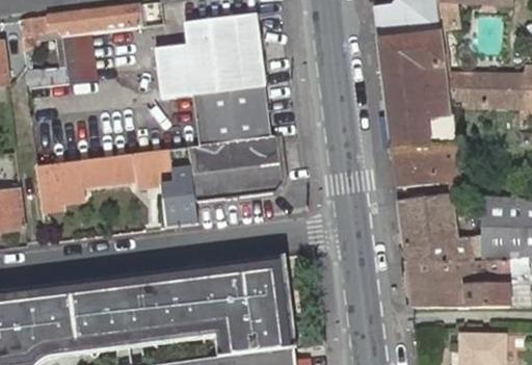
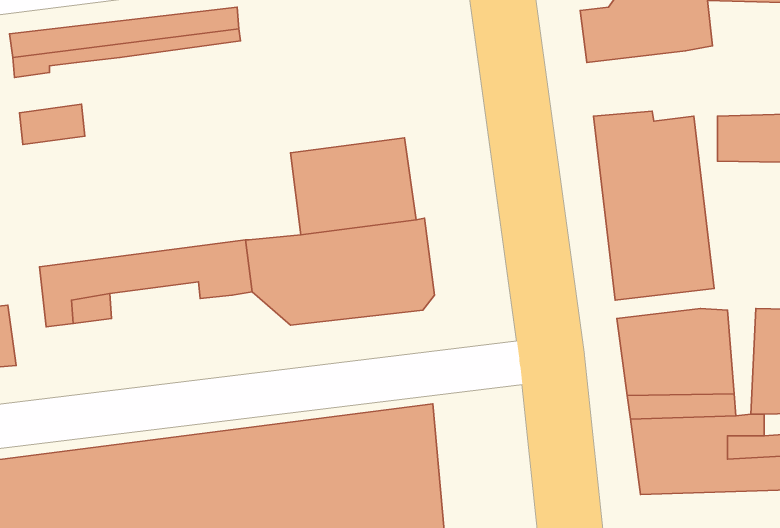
building: [156,14,265,100] -> none
building: [378,32,445,76] -> none
building: [61,36,94,85] -> none
building: [158,182,197,229] -> none

